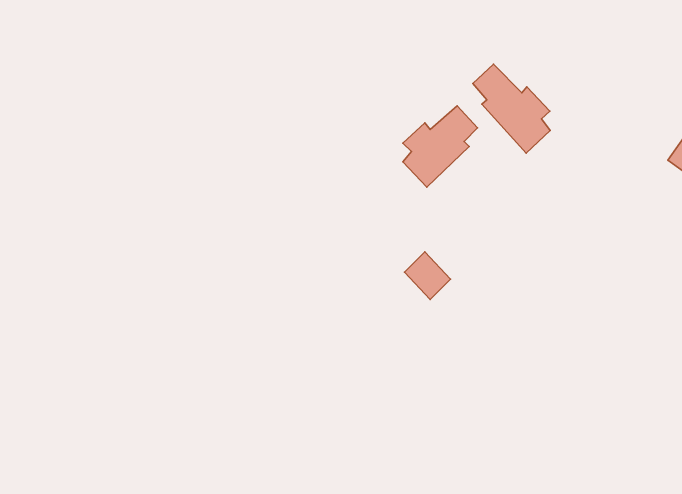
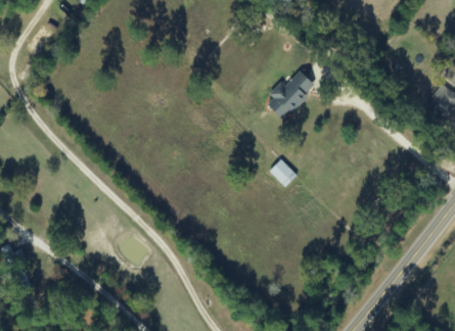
building: [473,64,550,153] -> none

